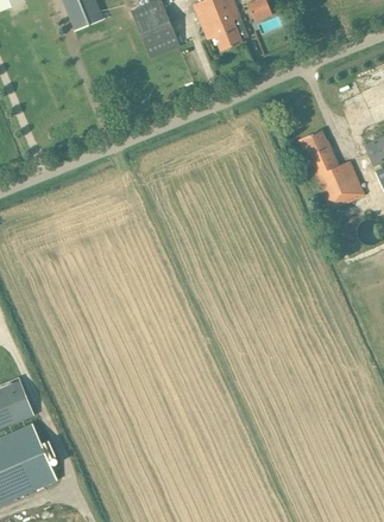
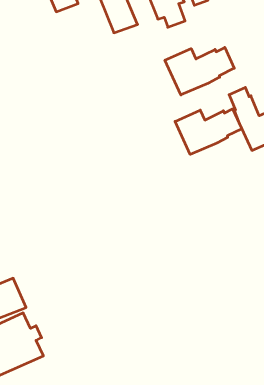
building: none -> [165,47,234,95]
building: none -> [175,109,242,154]

